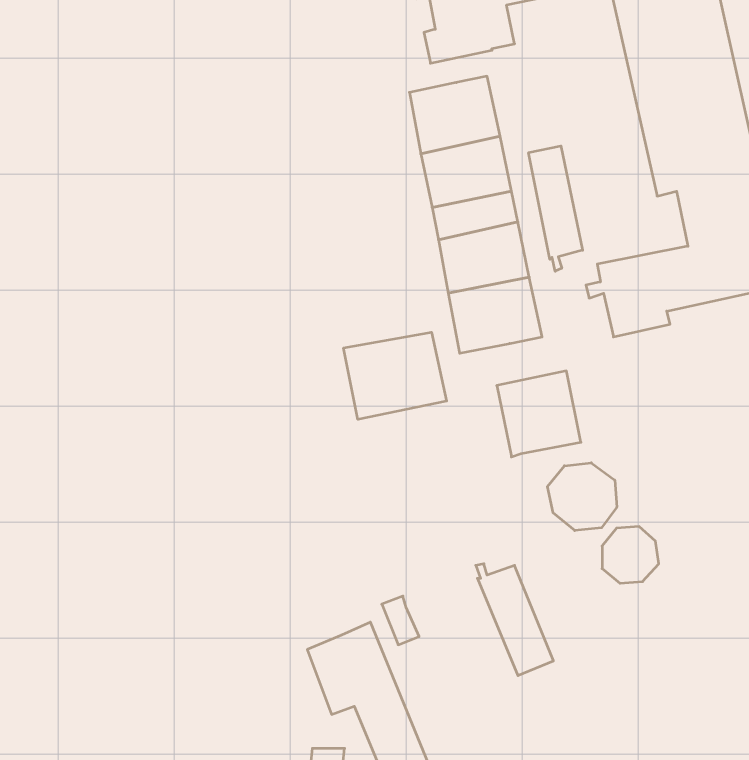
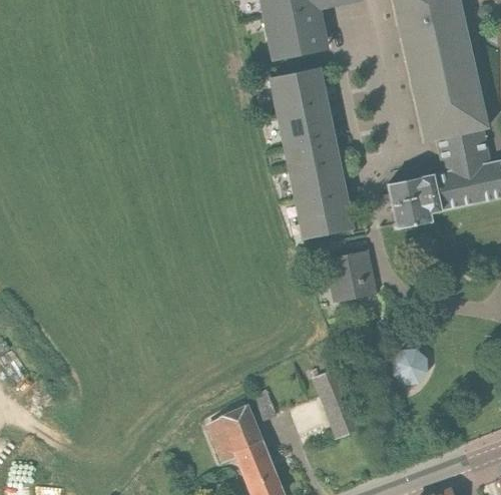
building: [529,146,583,271] -> none
building: [344,332,447,419] -> none
building: [547,463,617,531] -> none

